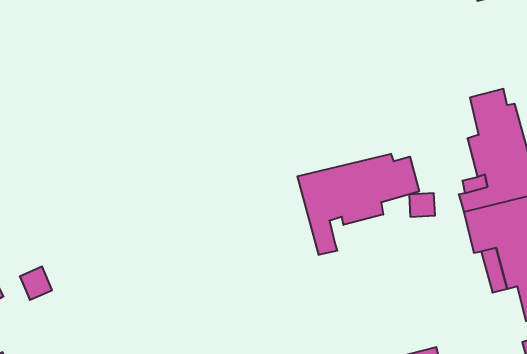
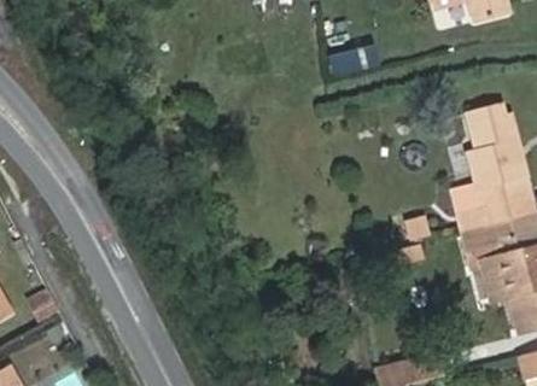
building: [297,154,419,255] -> none

